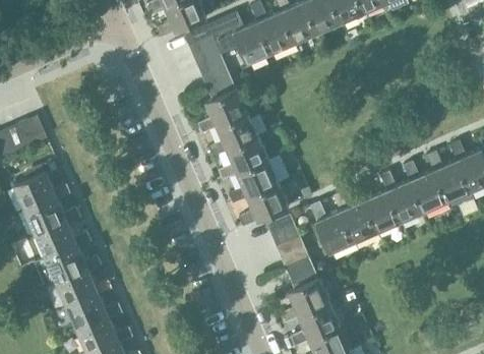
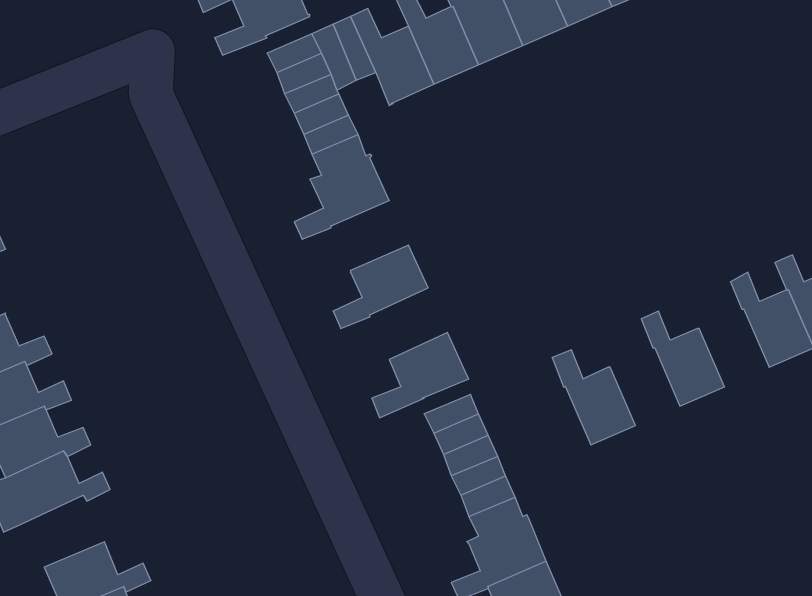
building: [207,114,257,158] -> none
building: [228,160,278,204] -> none
building: [403,162,446,212] -> none
building: [356,182,400,232] -> none
building: [309,202,353,253] -> none
building: [56,269,112,306] -> none

